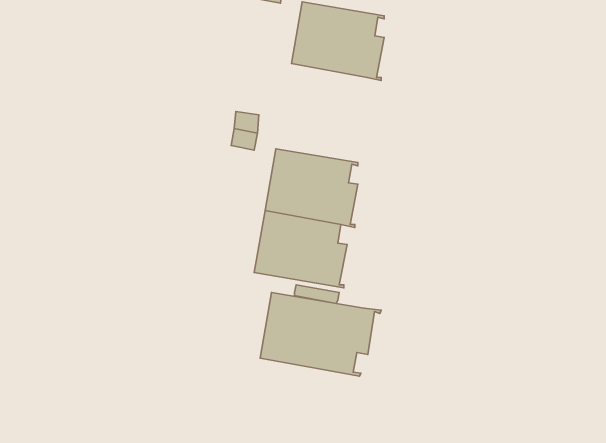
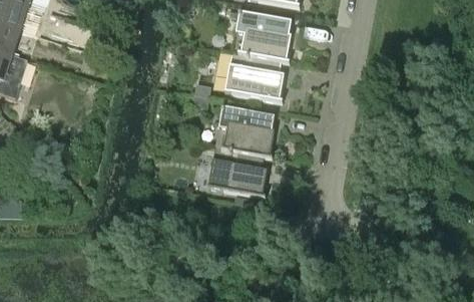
building: none -> [224,51,285,101]
building: [260,293,381,376] -> none

